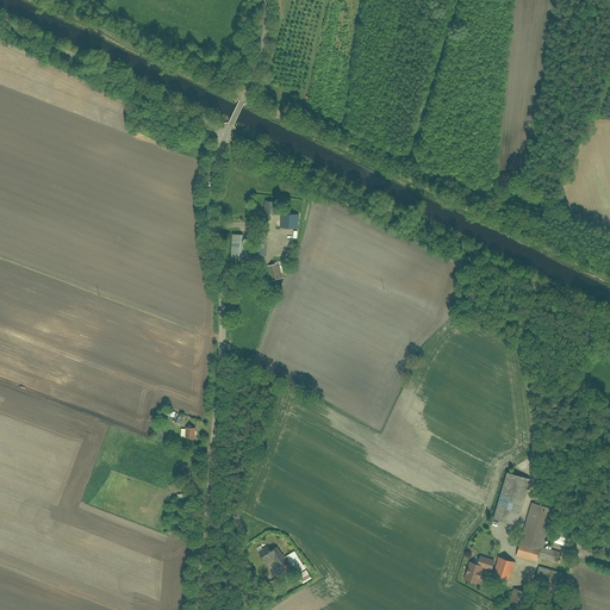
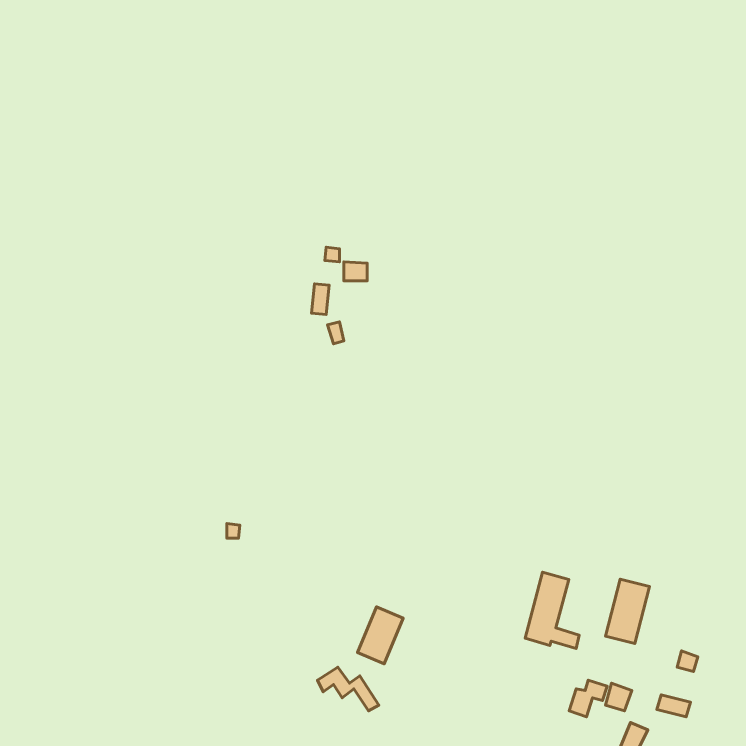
building: none -> [357,607,403,664]
building: [516,504,560,566] -> [525,572,579,648]

